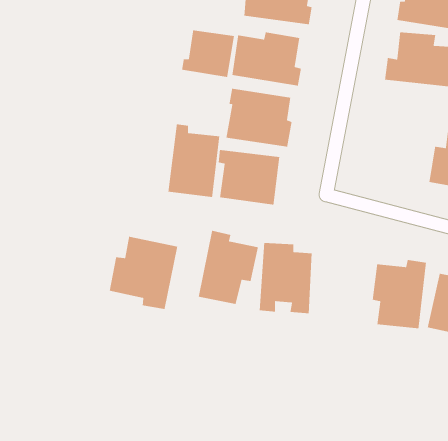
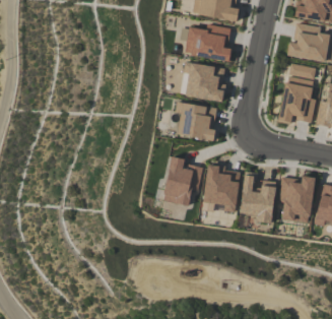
building: [181,29,235,78] -> none
building: none -> [279,63,317,124]
building: [168,124,220,198] -> none
building: [109,236,178,310] -> none
building: none -> [240,171,276,224]

